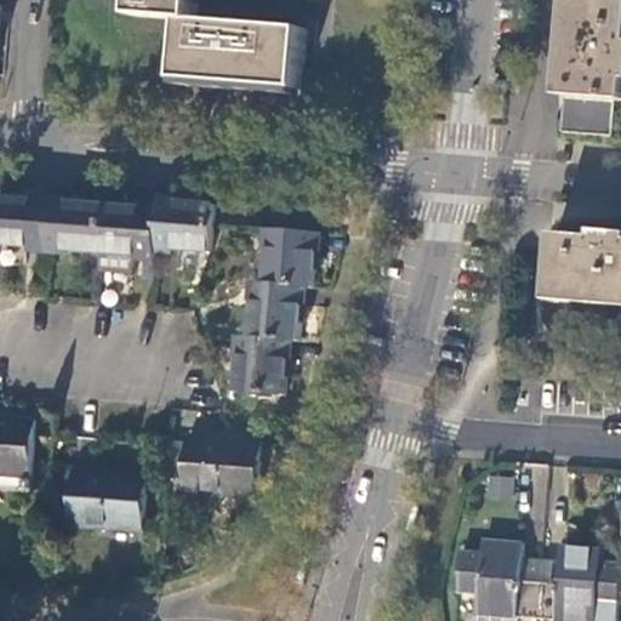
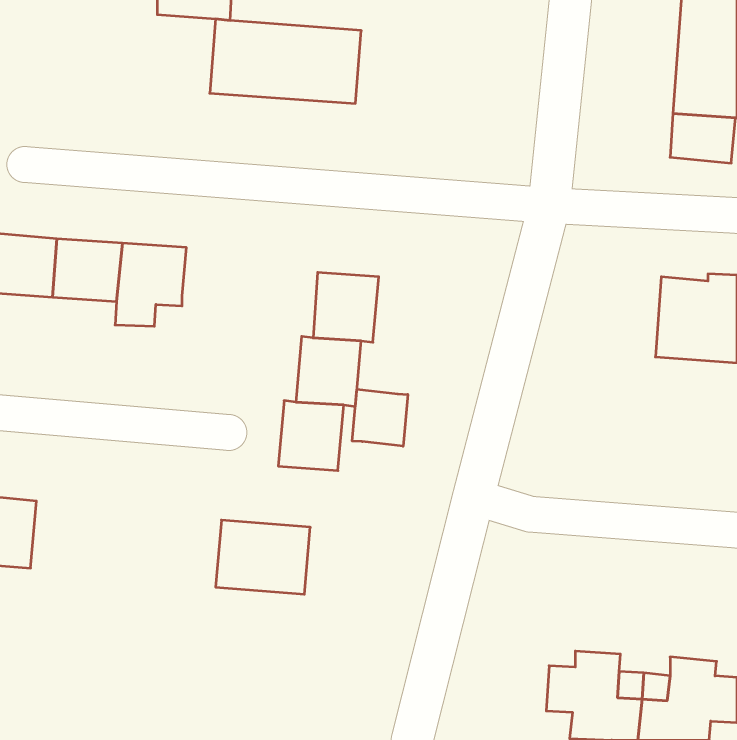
building: [152,196,211,251] -> none
building: none -> [352,389,408,446]
building: [64,467,144,529] -> none

